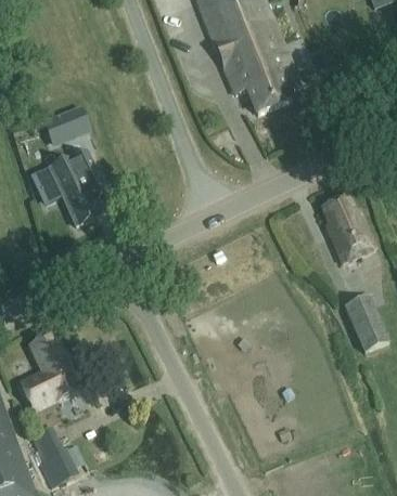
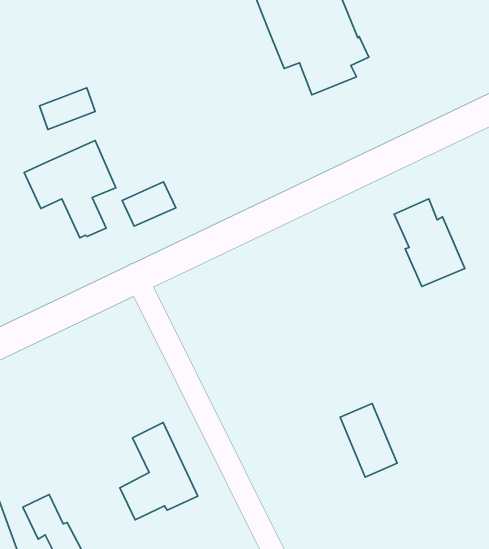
building: none -> [122,182,176,226]
building: [343,296,387,353] -> [340,403,397,477]
building: [20,332,80,408] -> [120,423,198,520]

